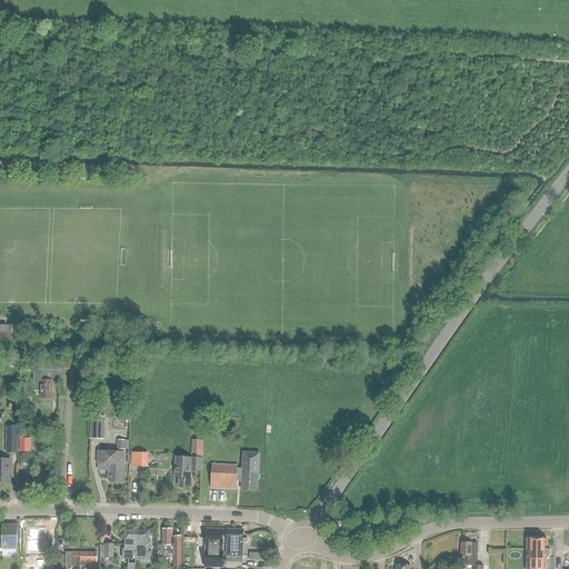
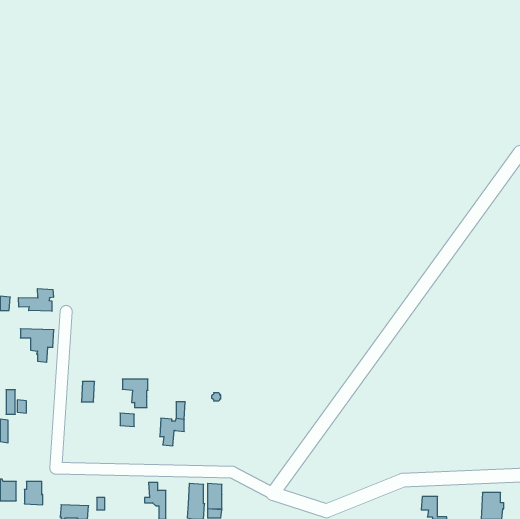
building: none -> [19,289,53,311]
building: [97,451,124,482] -> [122,379,148,408]
building: [210,451,258,489] -> none
building: [122,529,152,559] -> none

